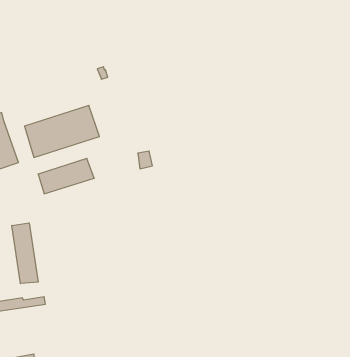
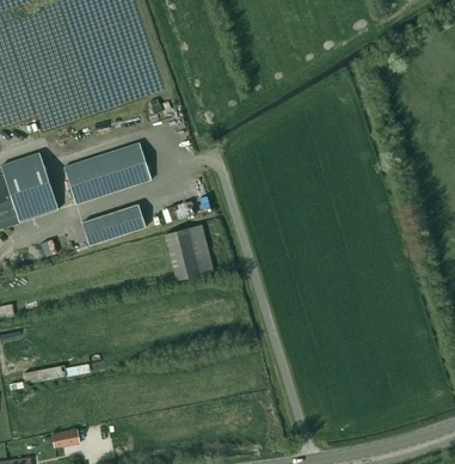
building: none -> [165,226,211,281]
building: [12,223,38,284] -> none

